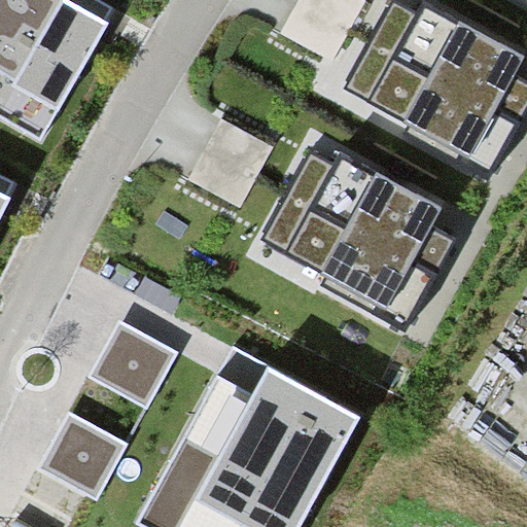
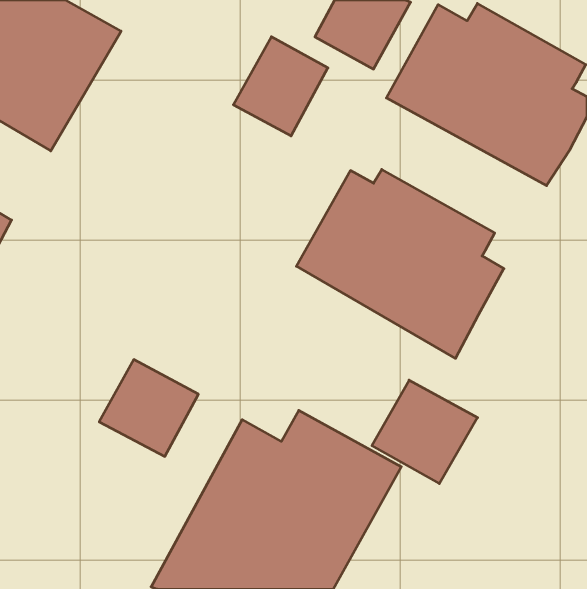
building: [187,118,272,207] -> [233,37,328,136]
building: none -> [372,380,478,484]
building: [39,412,128,499] -> none

